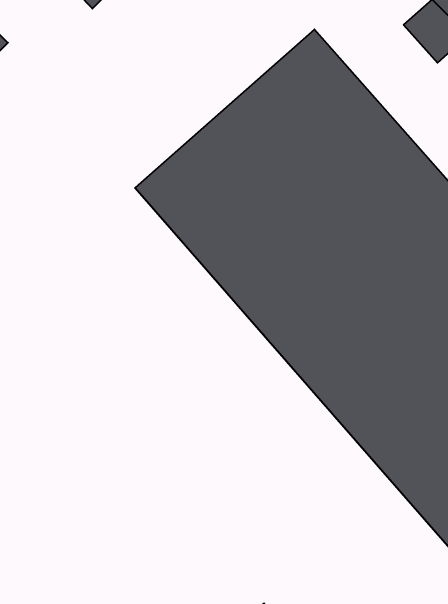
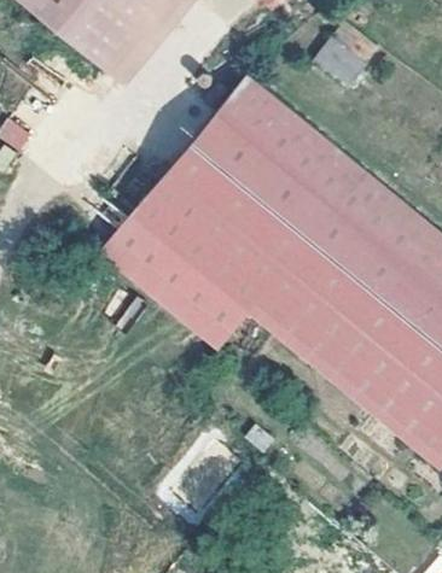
building: none -> [103,217,249,351]

